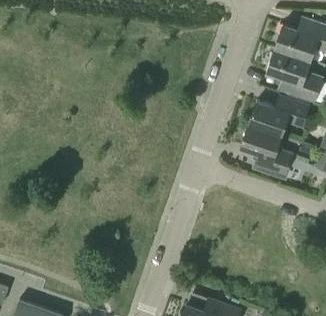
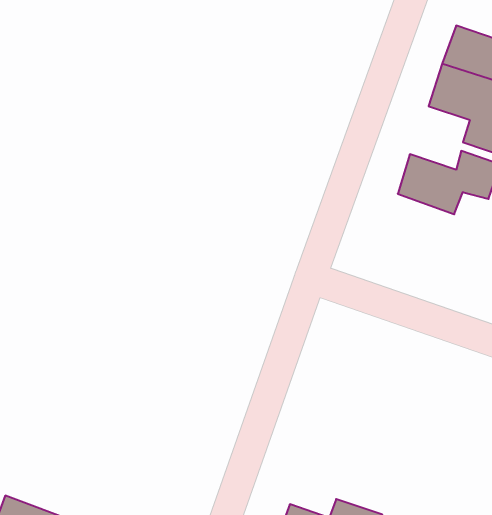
building: [241,123,293,179] -> none

